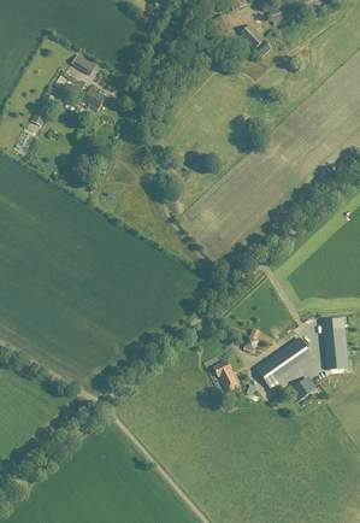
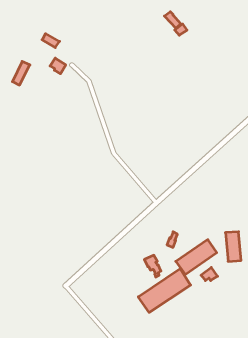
building: none -> [138,268,191,312]

